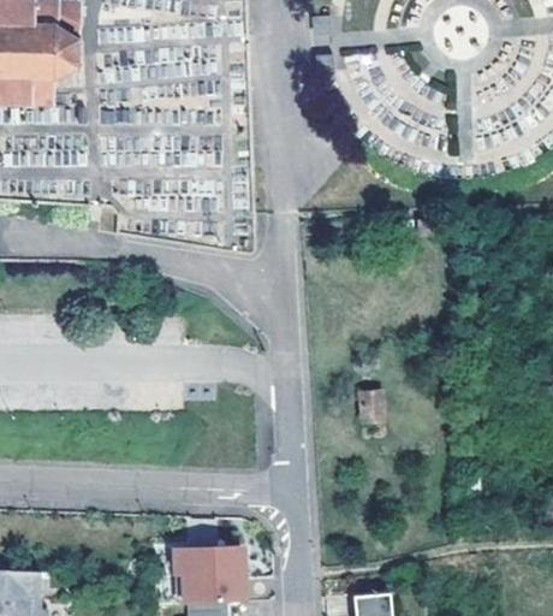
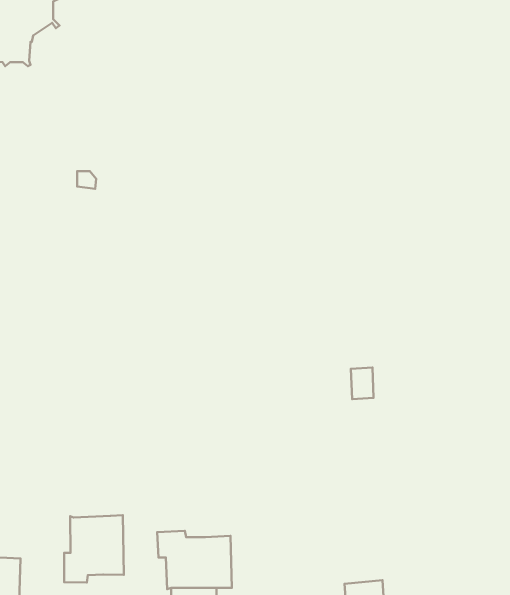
building: none -> [64,515,124,583]

